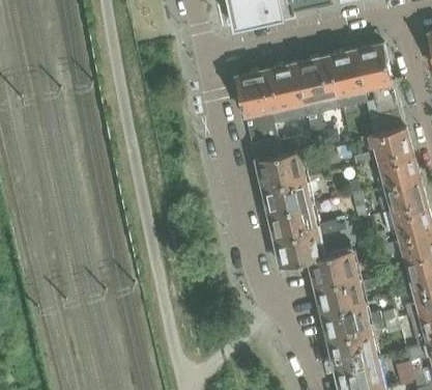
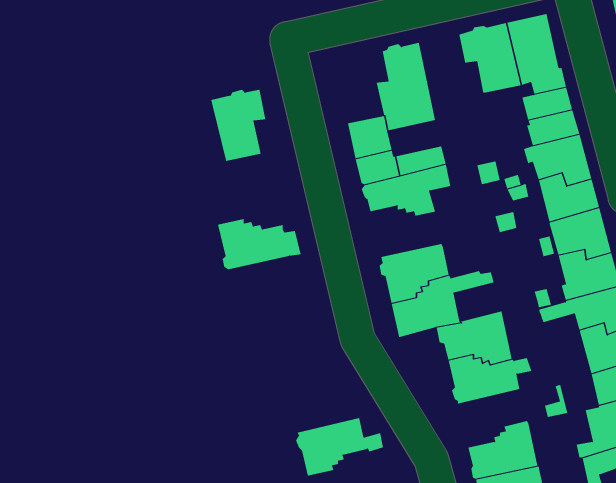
building: [295,59,342,119] -> none
building: [235,72,273,121] -> [210,89,266,161]
building: [261,178,319,214] -> [217,219,301,270]
building: [320,305,381,345] -> [295,418,384,476]

